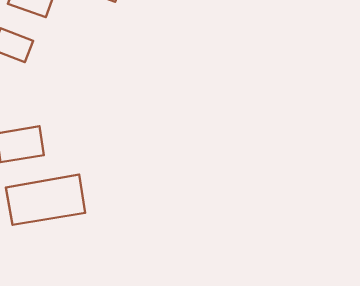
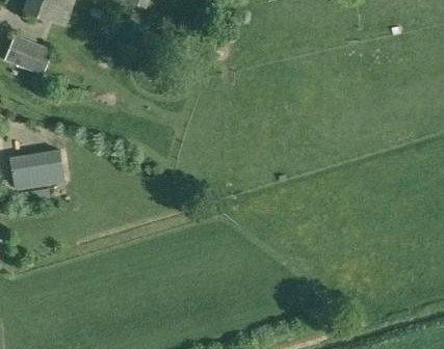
building: [6,174,85,225] -> none

